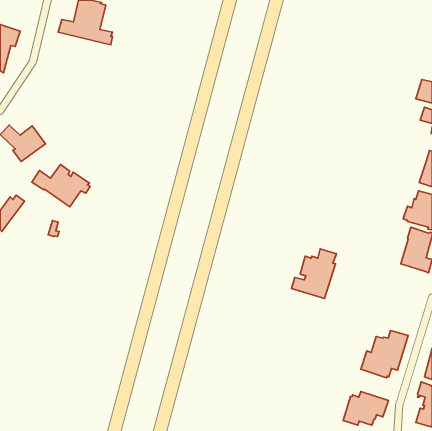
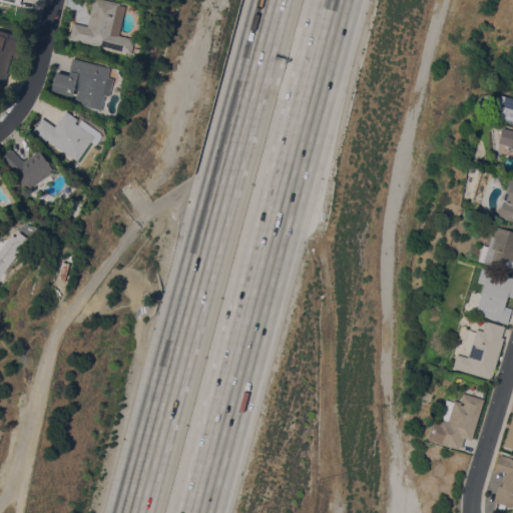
building: none -> [51,59,113,110]
building: [32,165,90,207] -> [32,111,101,161]
building: [292,249,336,299] -> [452,321,505,380]
building: [343,392,388,425] -> none

